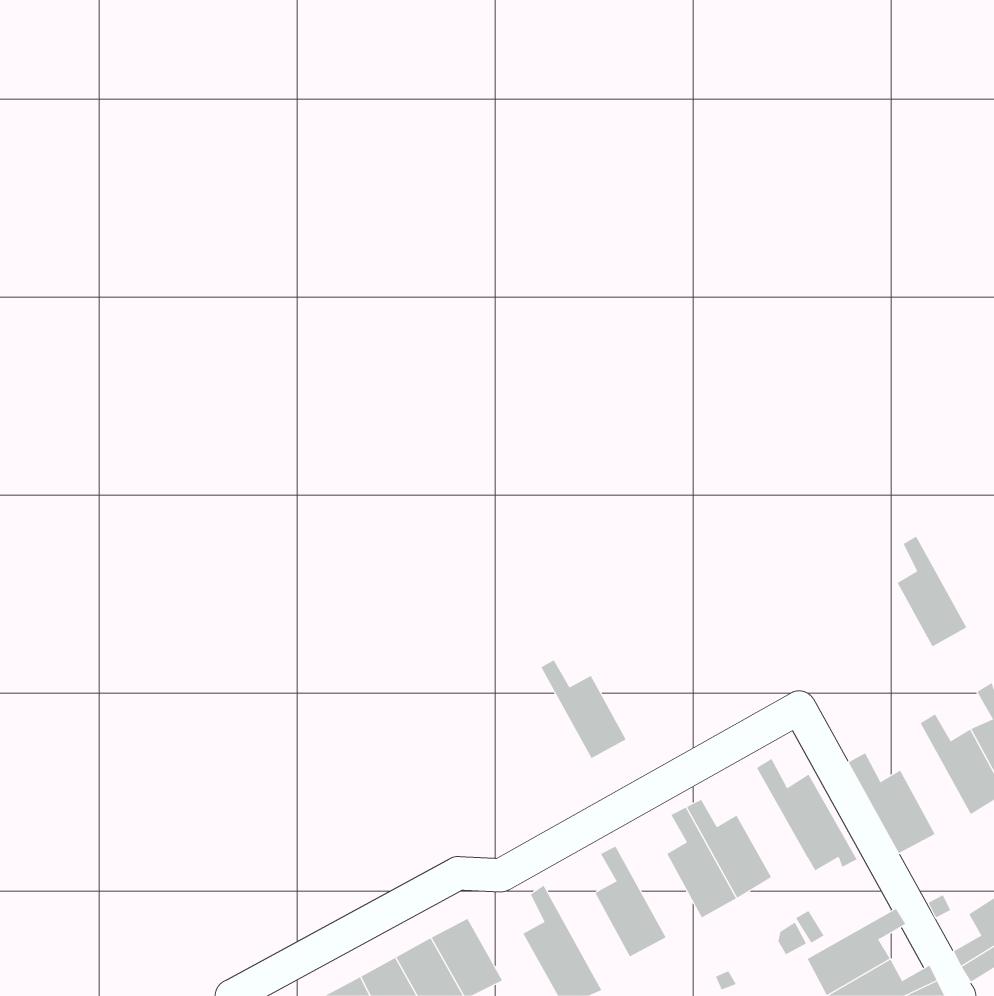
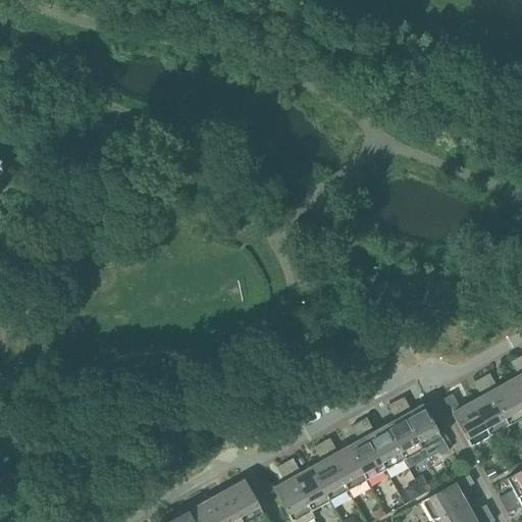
building: [897,536,967,647] -> [472,378,509,436]
building: [541,659,626,759] -> [323,438,368,490]
building: none -> [386,402,423,459]
building: none -> [285,459,330,511]

